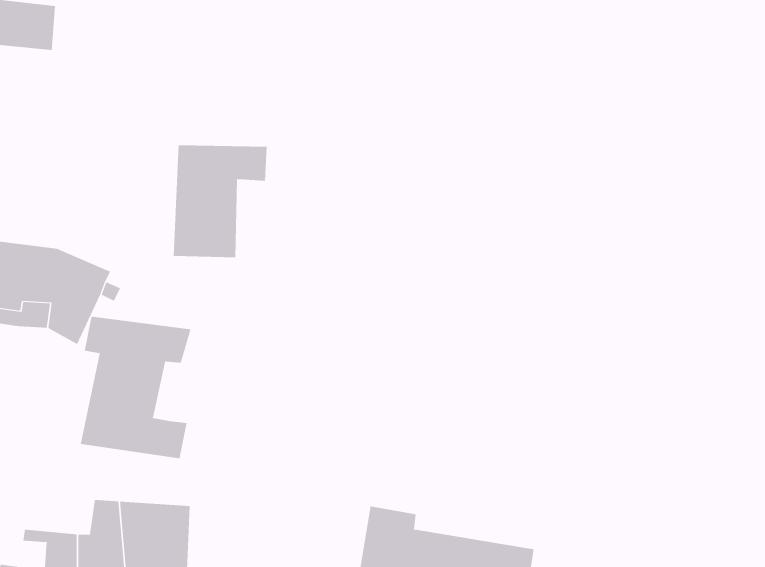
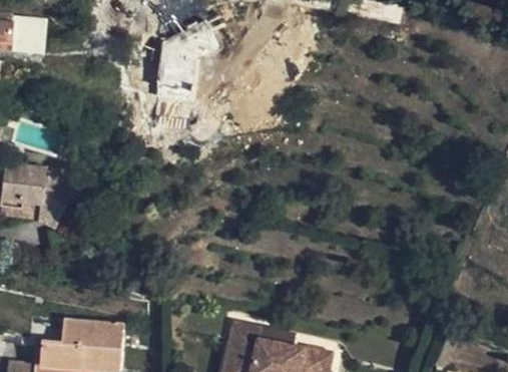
building: [173,145,268,258] -> [157,30,214,98]
building: [80,316,191,459] -> none

